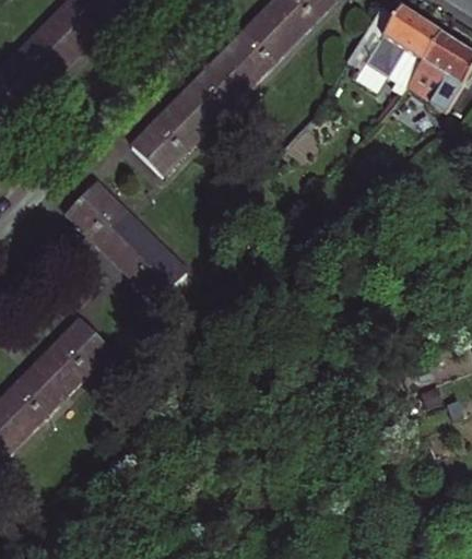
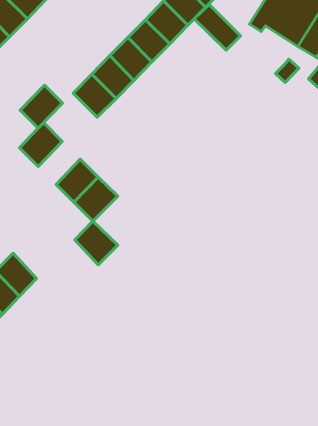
building: none -> [194,5,241,50]
building: [90,203,141,255] -> [20,85,62,128]
building: [59,317,111,370] -> [75,221,118,265]

